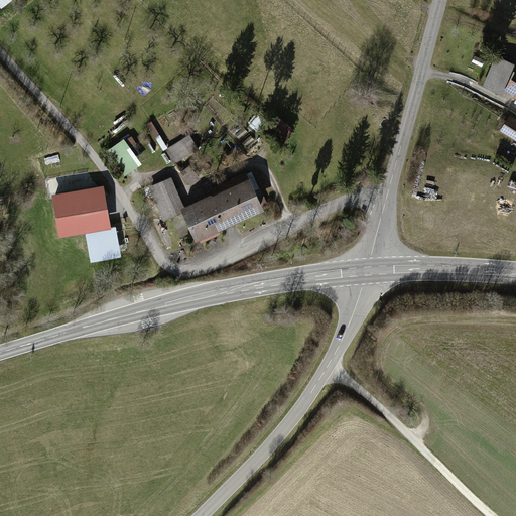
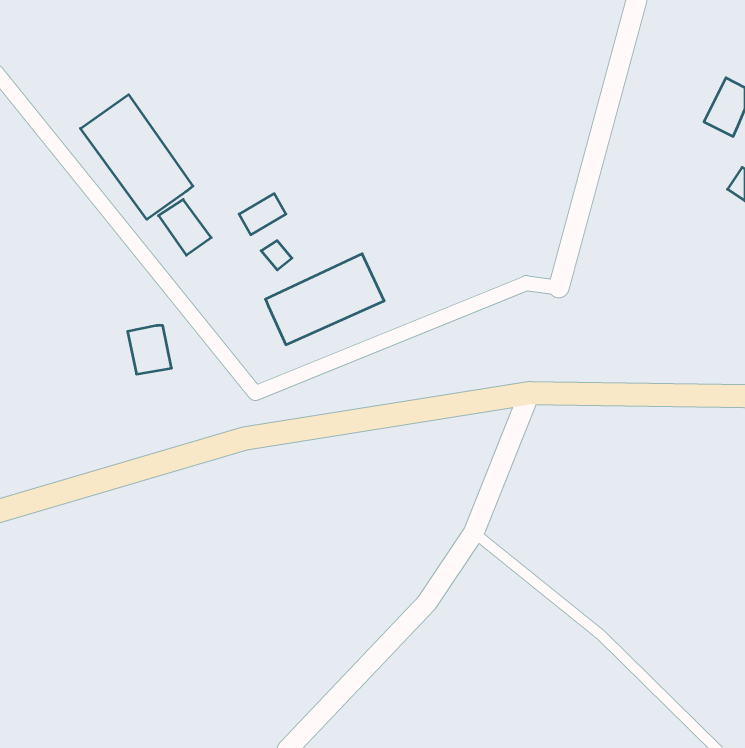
building: none -> [80,95,193,219]
building: [147,178,184,222] -> none
building: [55,189,108,234] -> none

